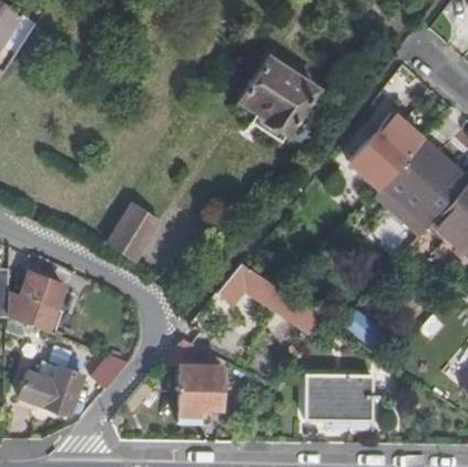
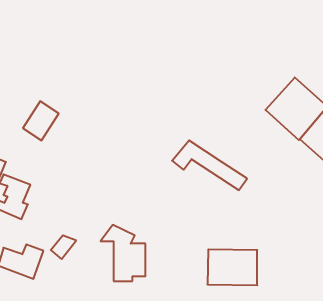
building: [240,58,315,134] -> none
building: [349,113,424,189] -> none
building: [109,206,157,260] -> [23,101,59,140]
building: [217,264,319,332] -> [172,140,247,190]

